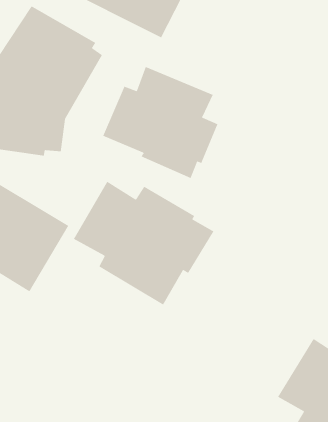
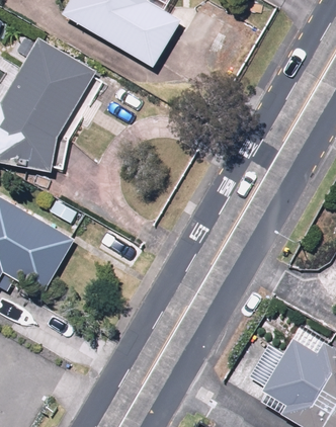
building: [103,66,218,179] -> none
building: [73,181,214,305] -> none

